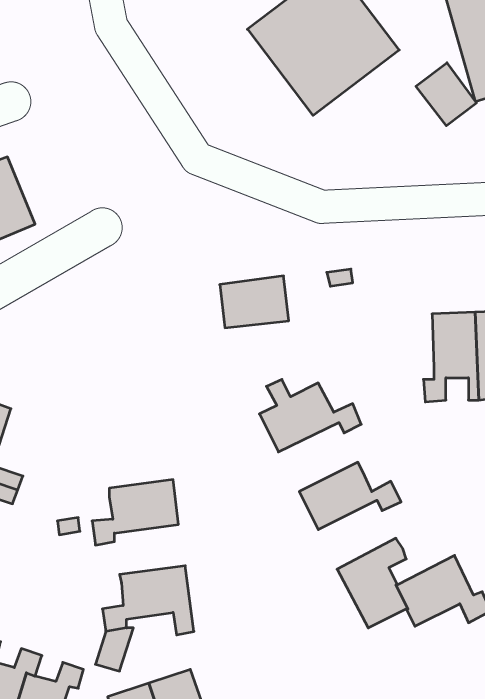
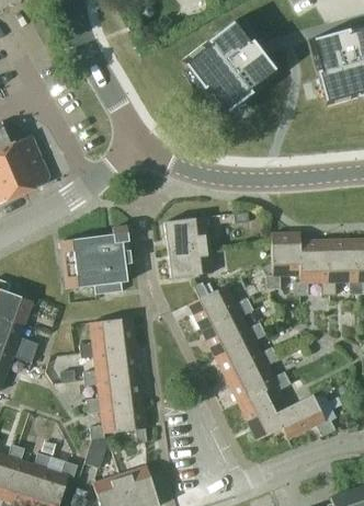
building: [416,63,476,126] -> none
building: none -> [61,226,128,295]
building: none -> [265,231,300,288]
building: none -> [168,244,212,277]
building: none -> [202,309,268,353]
building: none -> [79,317,135,358]
building: none -> [227,358,292,402]
building: none -> [87,373,143,413]

